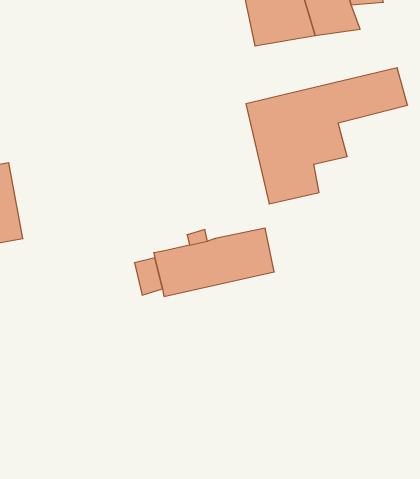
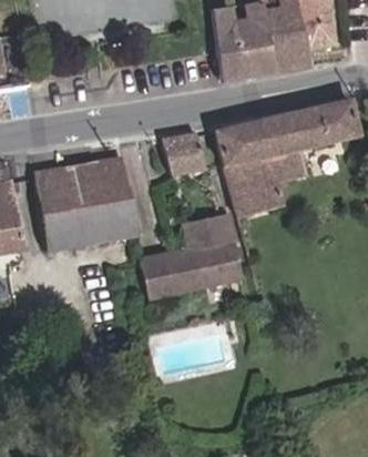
building: none -> [162,135,206,172]
building: none -> [35,161,135,251]
building: none -> [183,211,233,247]

